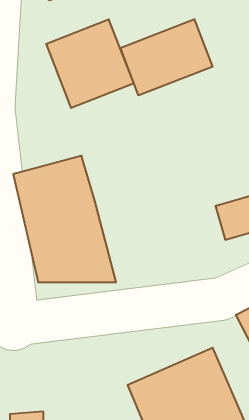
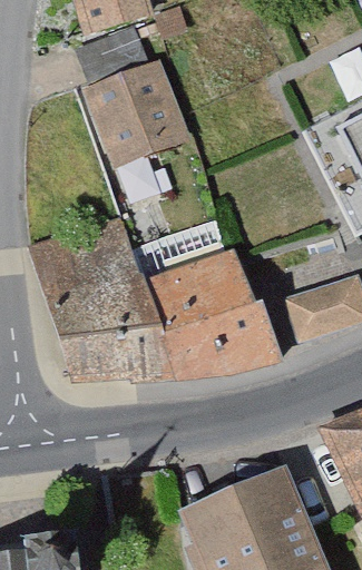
building: [120,19,212,95] -> none
building: none -> [141,258,273,390]

